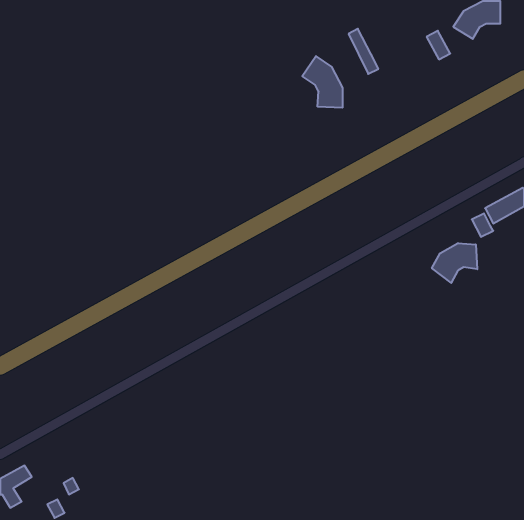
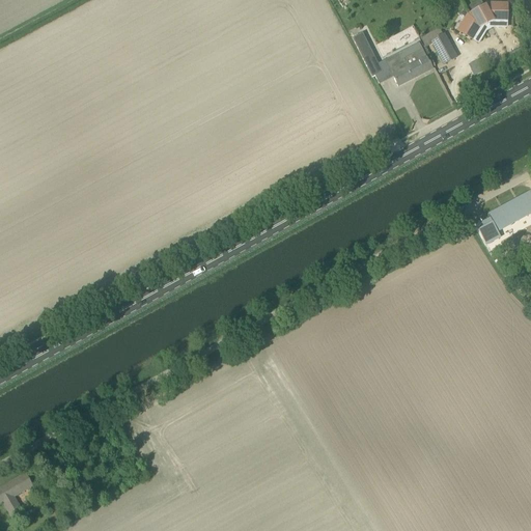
building: none -> [389,46,432,83]
building: [302,56,343,108] -> none
building: [432,243,477,283] -> none

